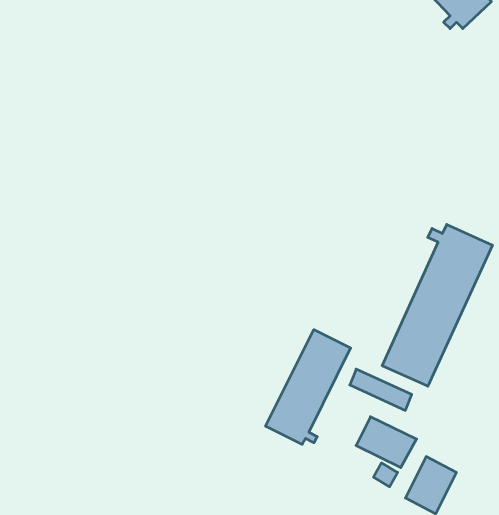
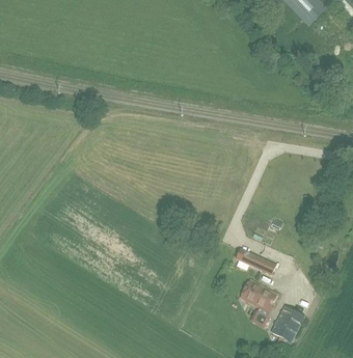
building: [382,224,492,386] -> none
building: [266,330,351,444] -> none

